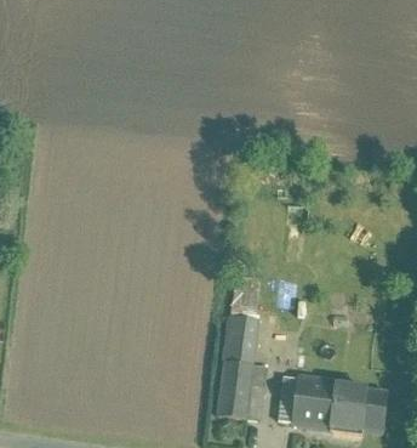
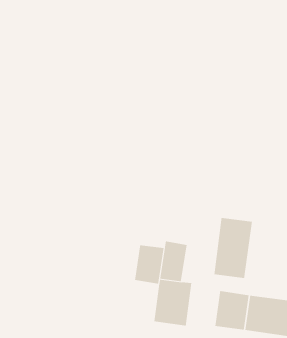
building: none -> [214,217,253,279]
building: none -> [135,245,164,284]

